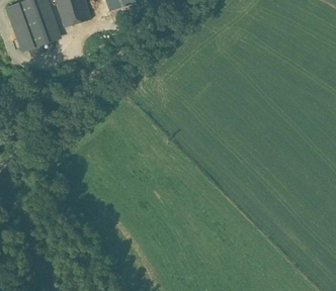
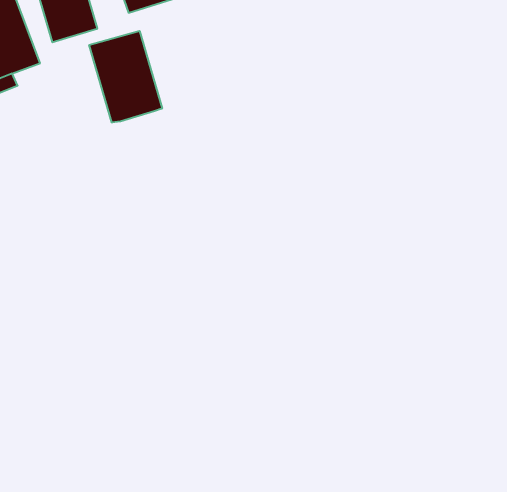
building: none -> [89,31,162,123]

